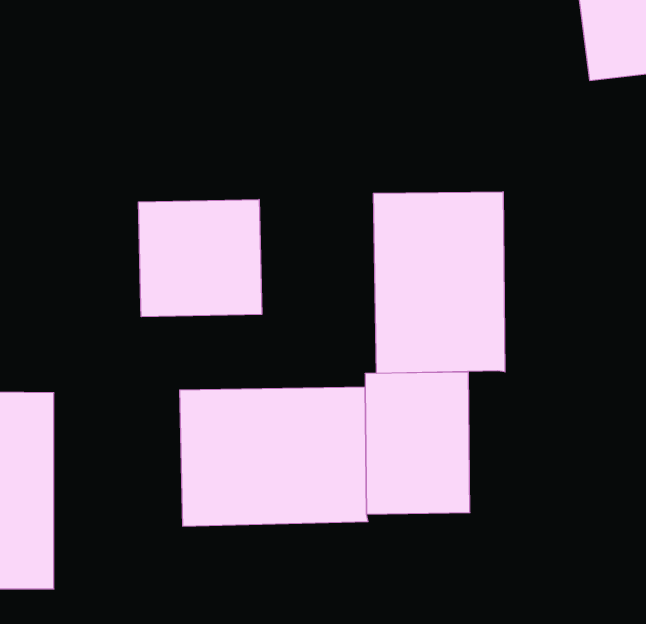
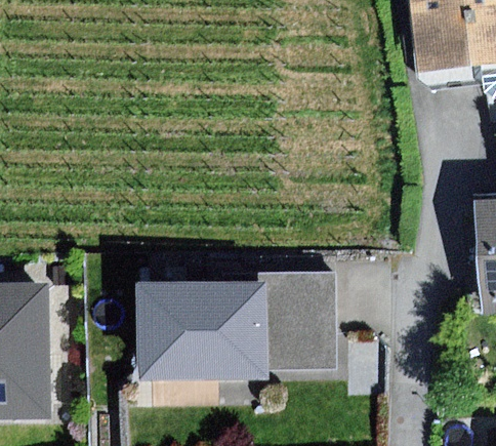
building: [373,192,505,373] -> none
building: [139,199,262,317] -> none

